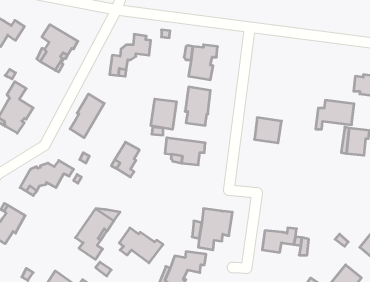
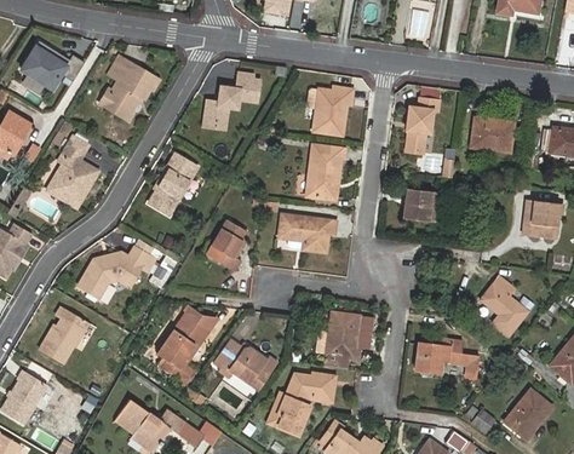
building: none -> [403,97,436,150]
building: [151,99,176,129] -> none
building: [316,100,354,129] -> [460,119,513,159]
building: none -> [481,277,527,335]

